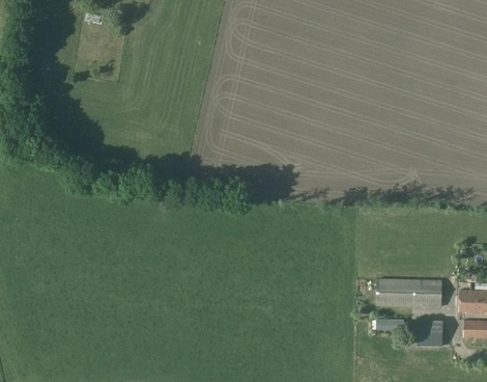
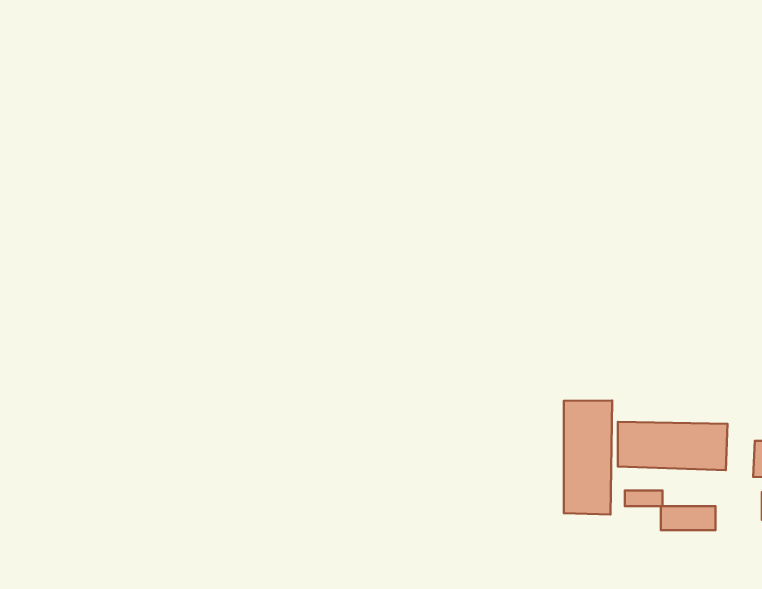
building: none -> [564,401,612,514]

